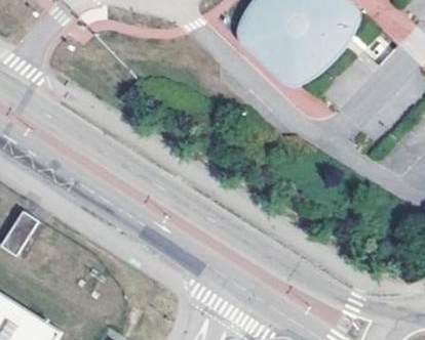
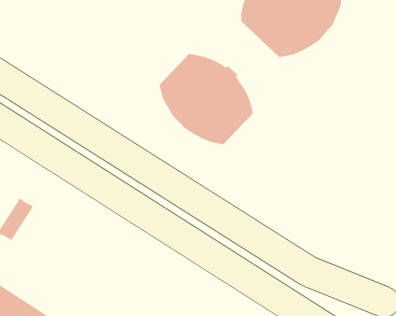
building: none -> [159,53,253,145]

